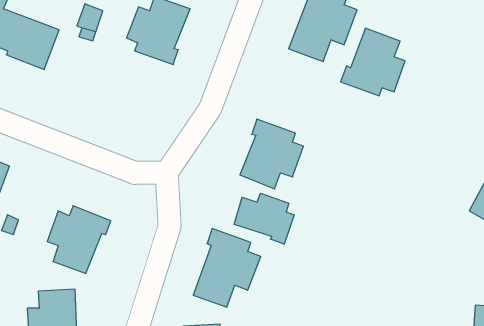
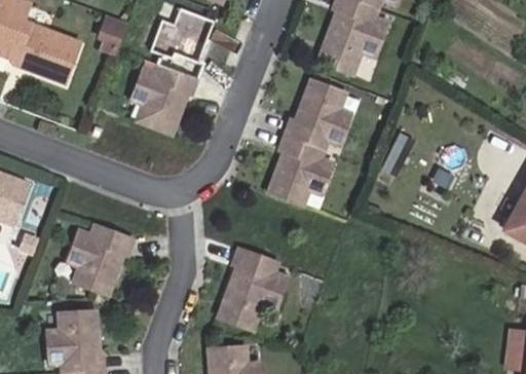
building: [341,28,405,96] -> [284,79,350,149]
building: none -> [130,64,197,135]
building: [234,193,294,244] -> none

